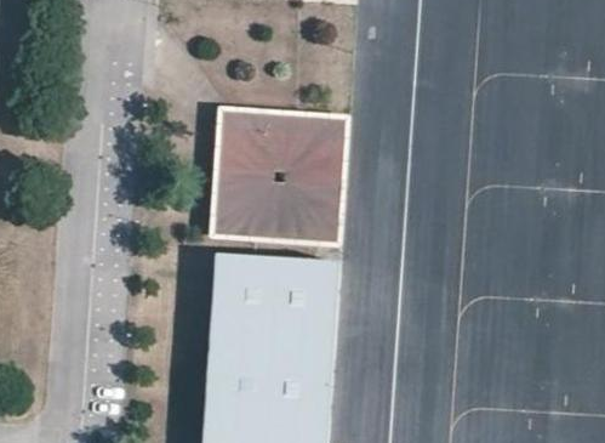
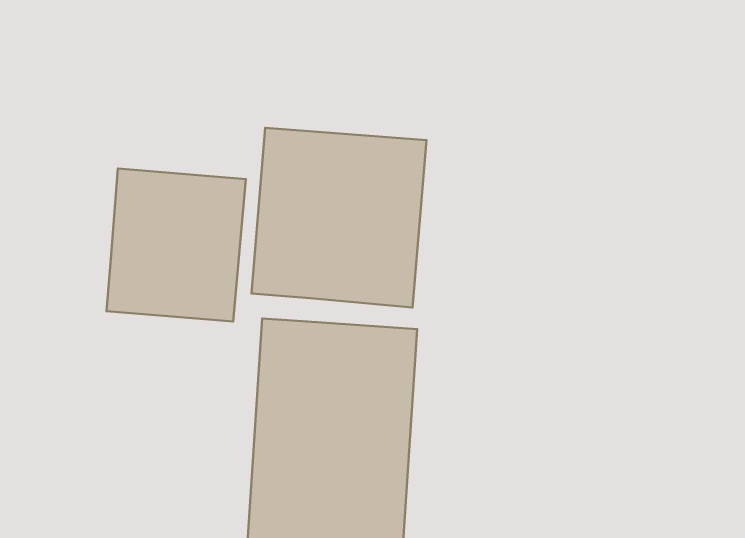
building: none -> [106,169,246,322]

